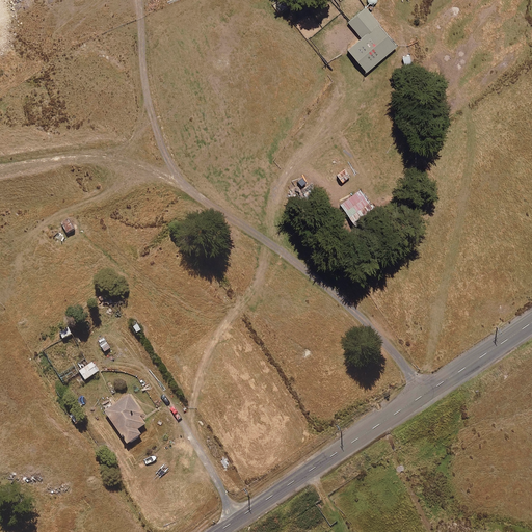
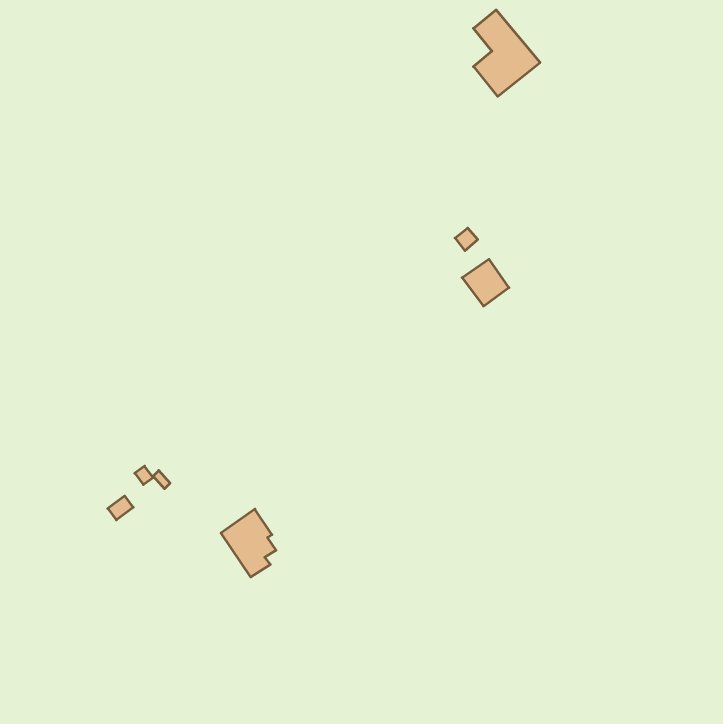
building: [105,396,145,446] -> [221,509,276,577]

